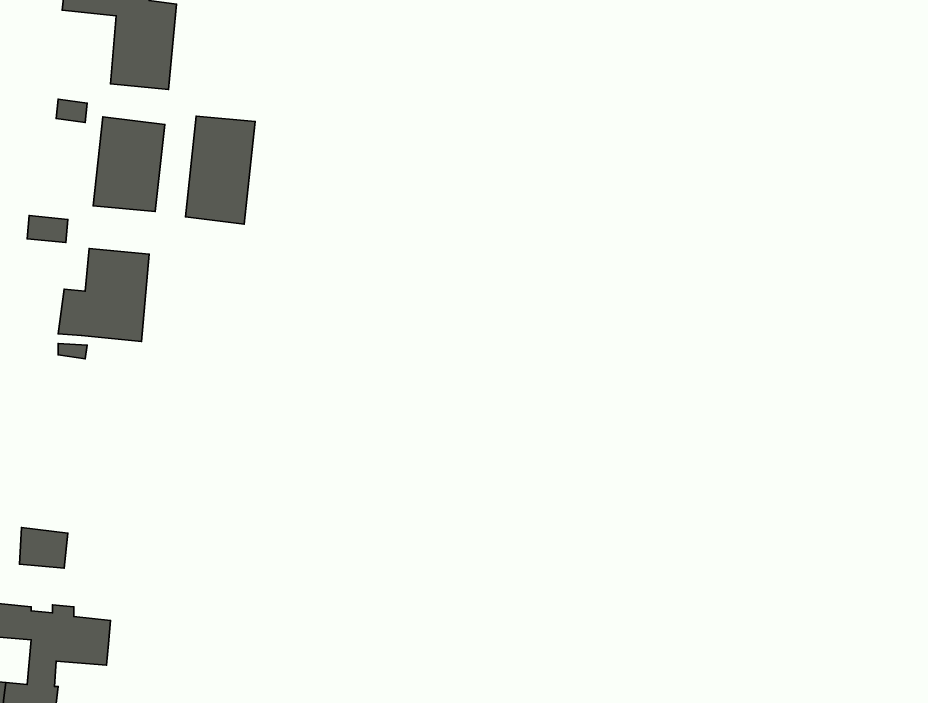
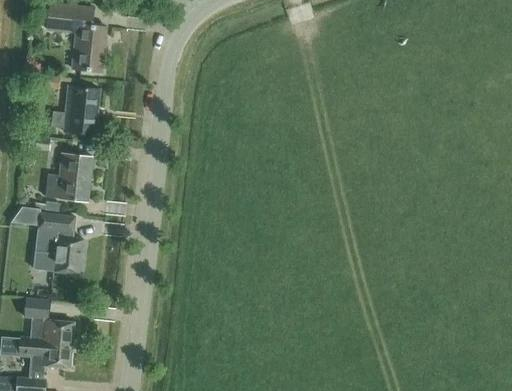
building: [185,116,255,224] -> none
building: none -> [34,212,83,274]
building: none -> [30,318,73,345]

